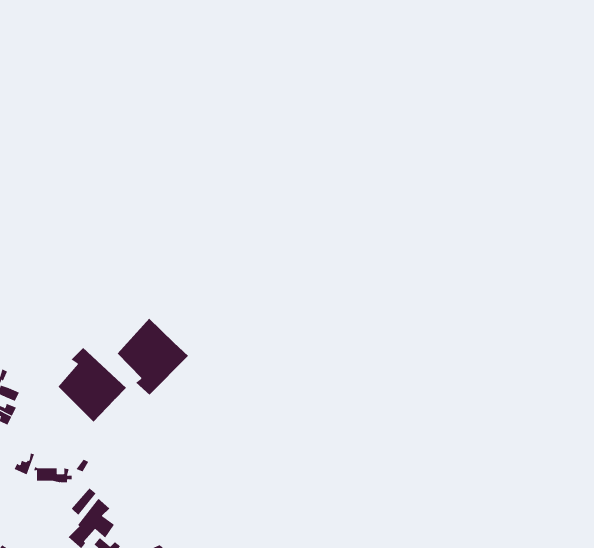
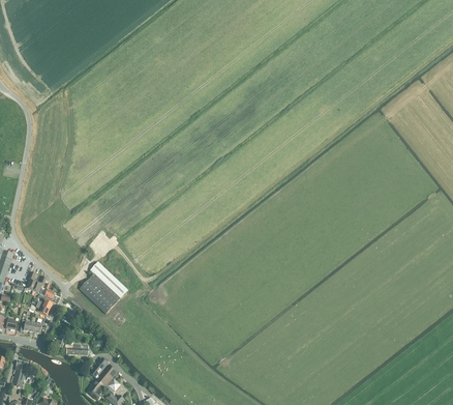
building: [117,318,189,396] -> none

